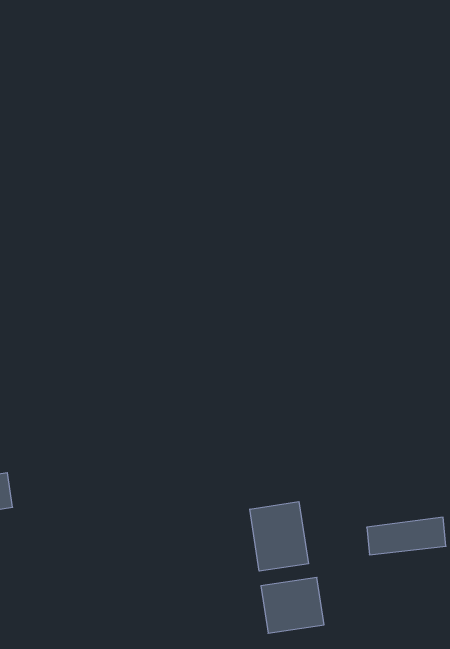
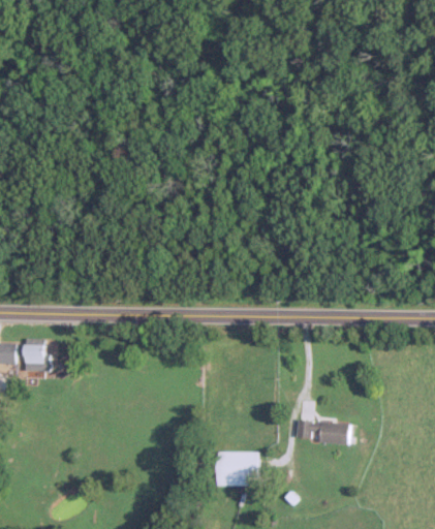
building: [250,502,308,571] -> none

